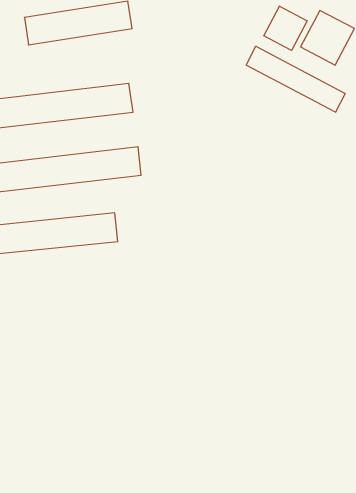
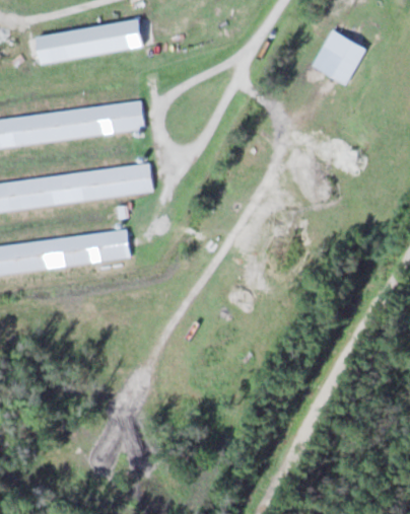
building: [264,6,307,50] -> none
building: [246,46,345,112] -> none

